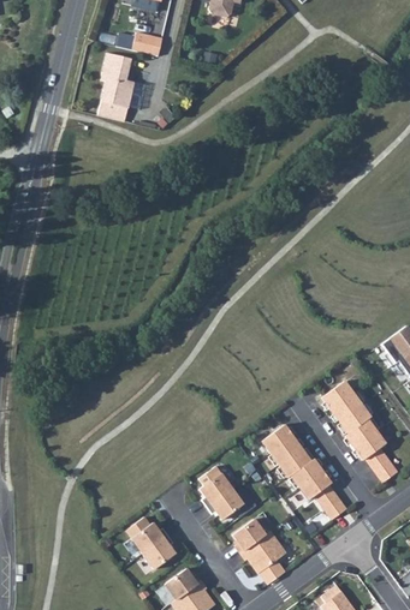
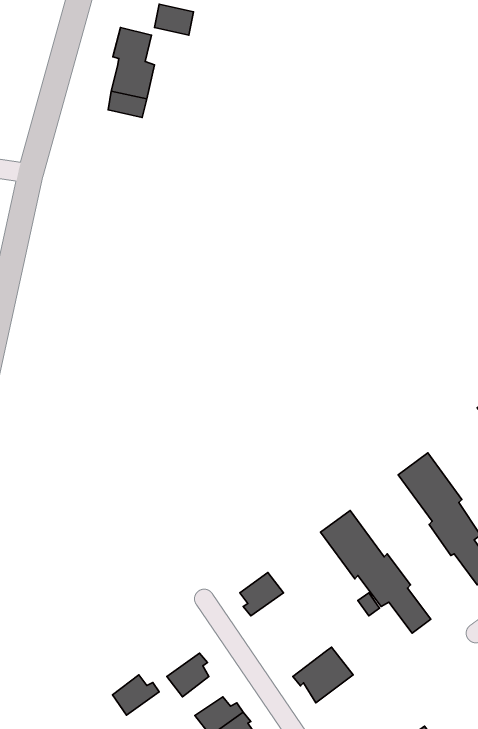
building: [207,488,243,519] -> none
building: [232,518,265,552] -> none
building: [131,521,167,552] -> [113,675,159,715]

